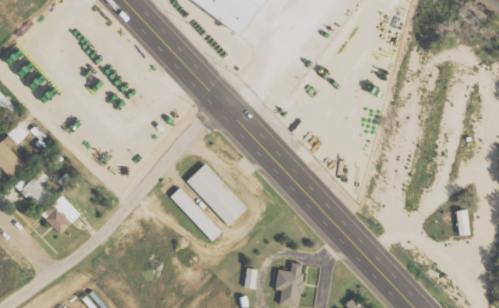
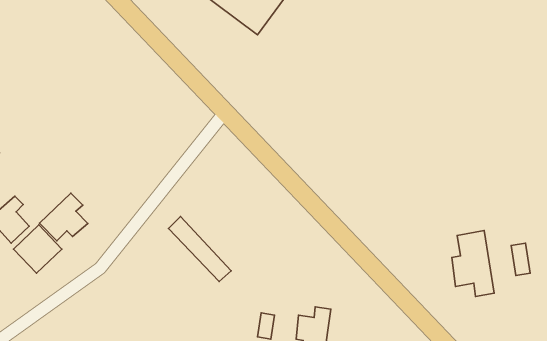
building: [186,163,246,225] -> none
building: none -> [40,193,88,241]
building: none -> [452,231,494,296]

